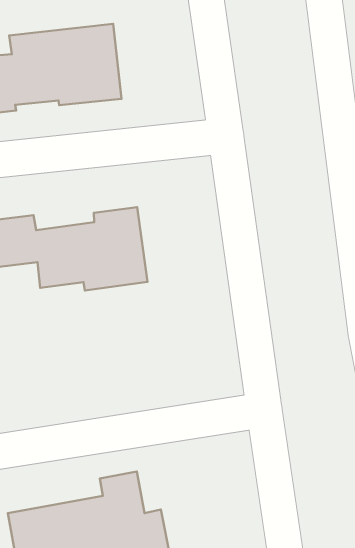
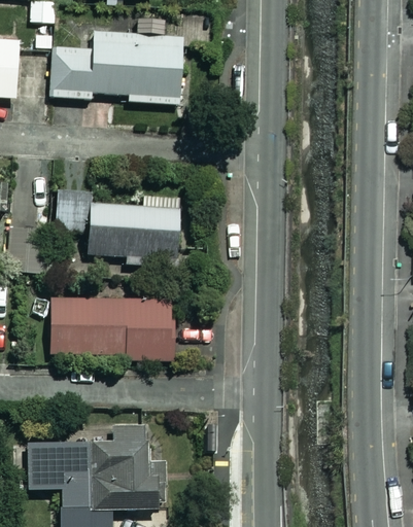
building: none -> [51,298,175,360]

